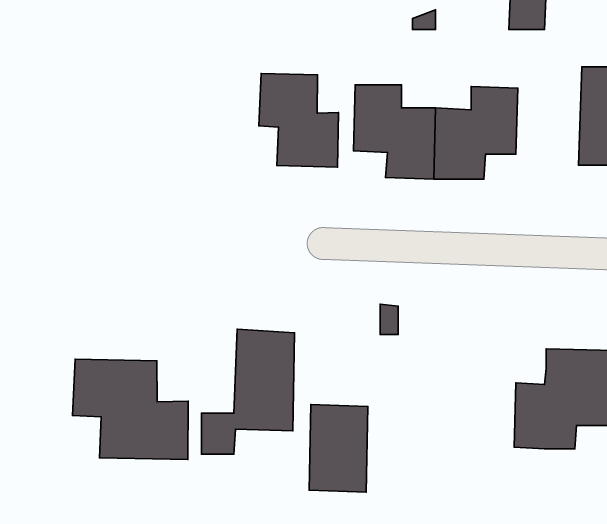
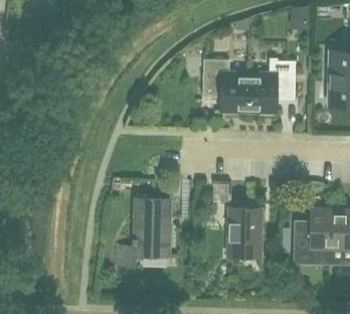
building: [259,73,338,167] -> none
building: [73,359,188,460] -> none
building: [309,405,368,492] -> [227,207,260,257]

